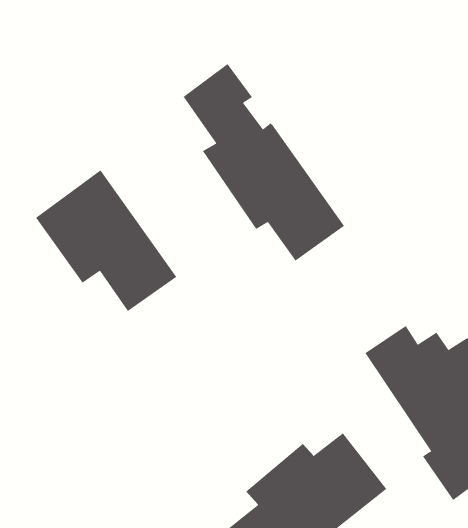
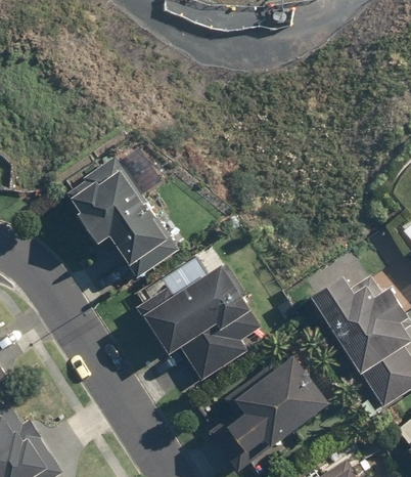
building: [183,63,345,261] -> none
building: none -> [135,264,260,385]

